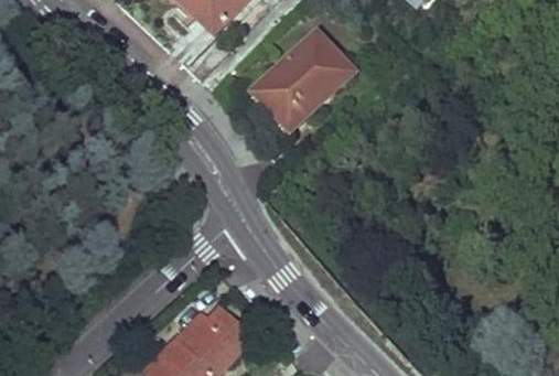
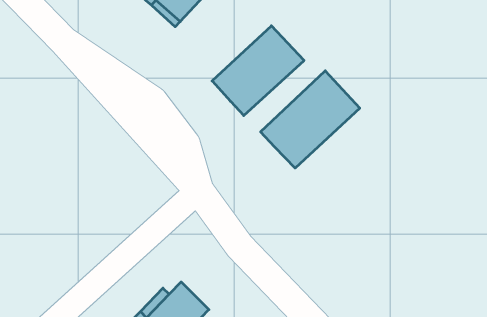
building: none -> [261,71,360,168]

